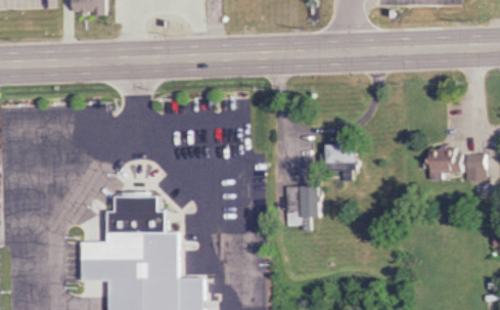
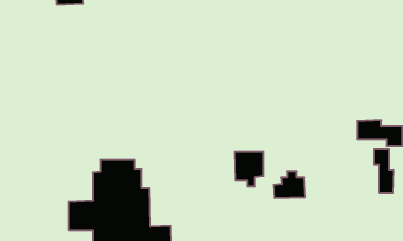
building: [316,139,354,171] -> [273,171,305,198]
building: none -> [374,149,393,193]

